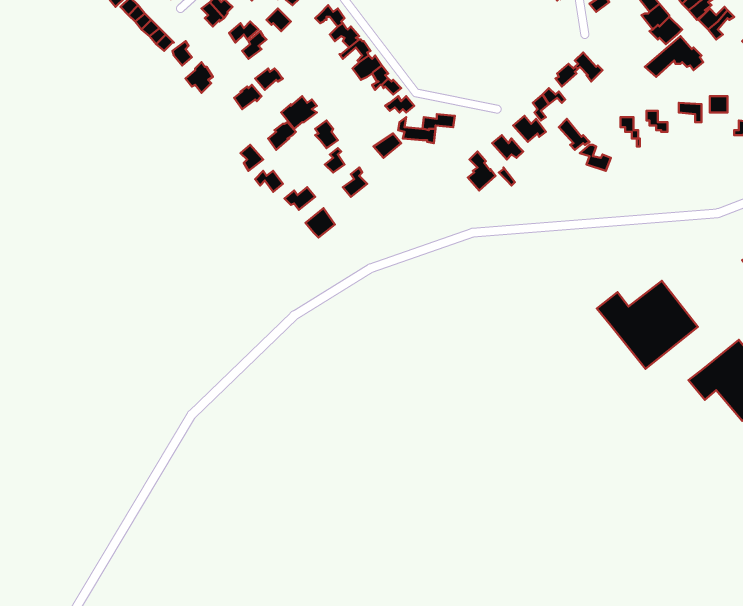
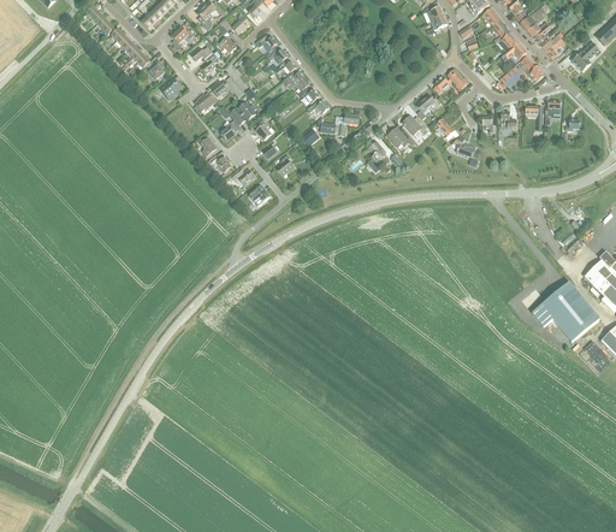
building: [597,281,698,369] -> none

